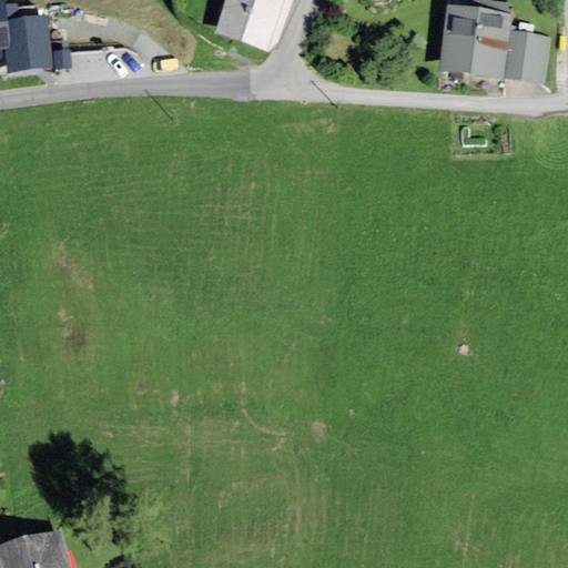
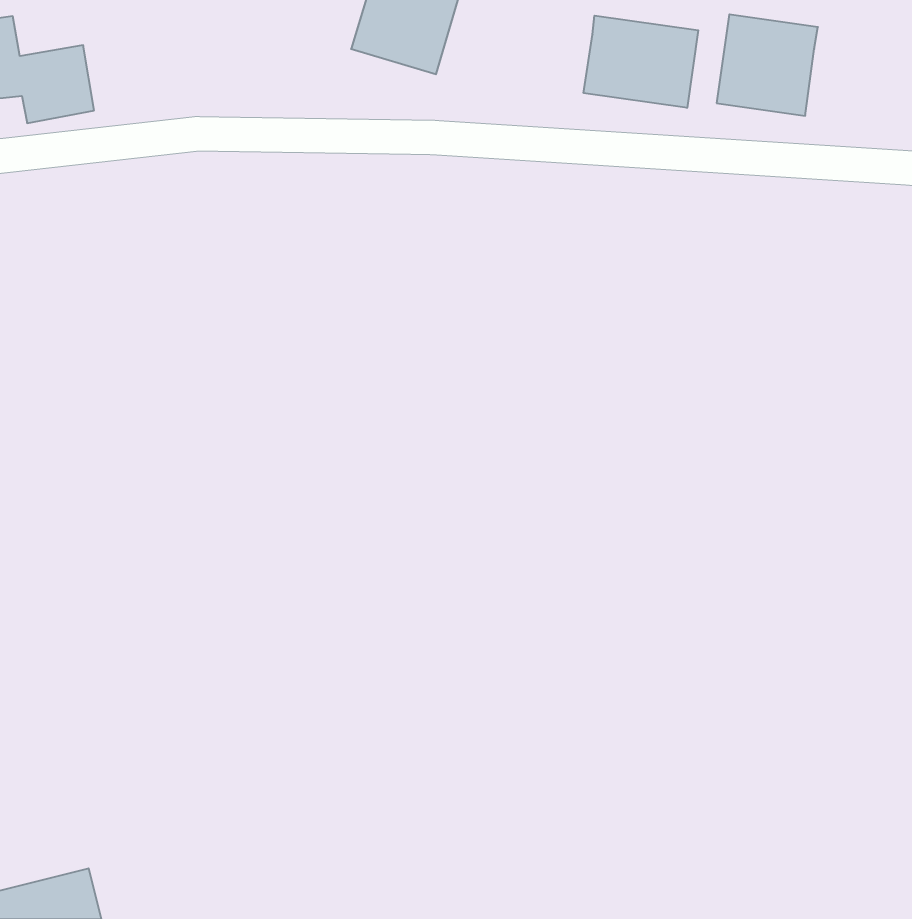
building: none -> [584,16,698,108]
building: [494,30,539,77] -> none

